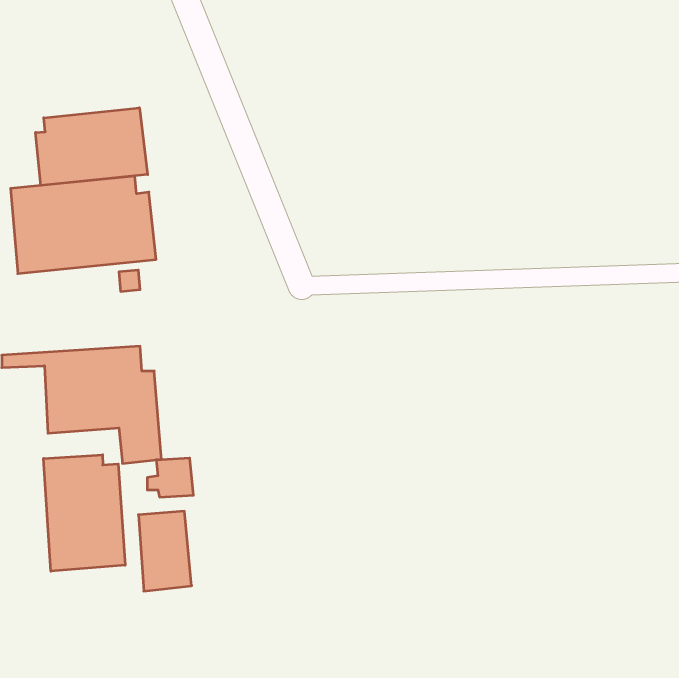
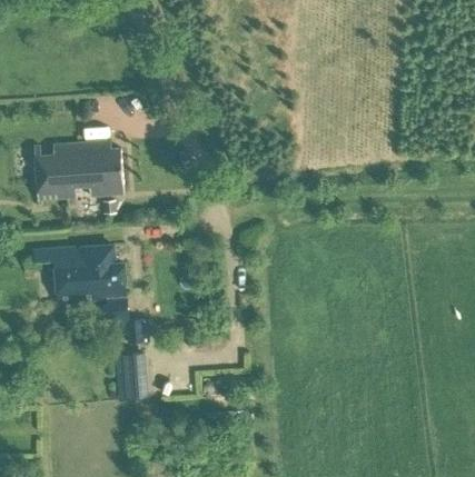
building: [36,108,148,185] -> none
building: [44,455,125,571] -> none

